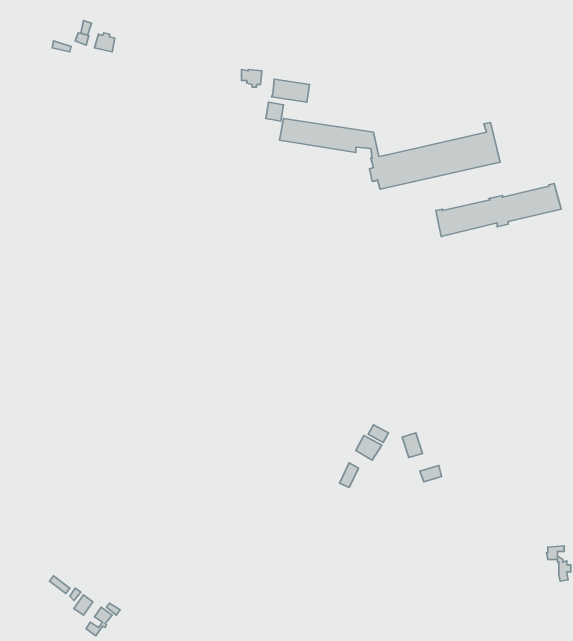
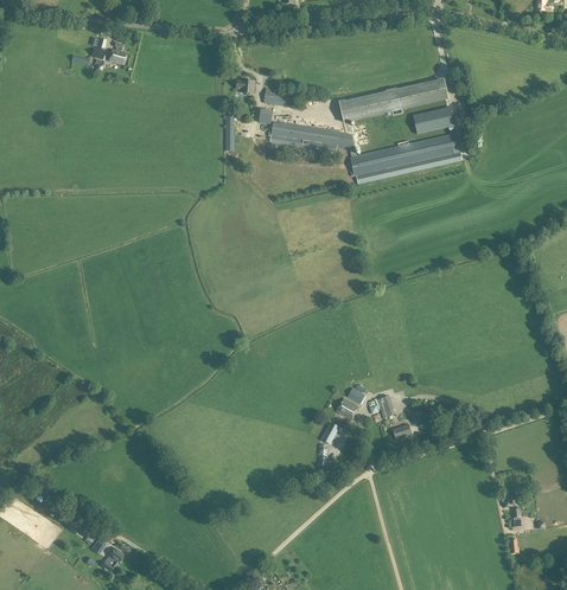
building: none -> [412,105,453,133]
building: [436,183,561,236] -> [338,76,447,122]

